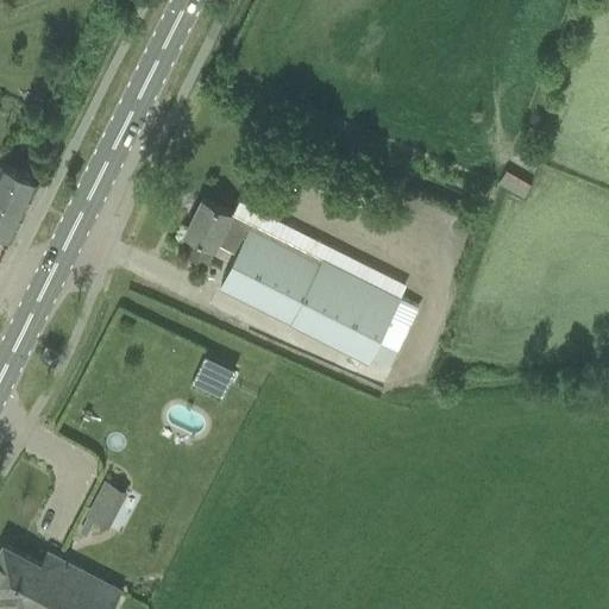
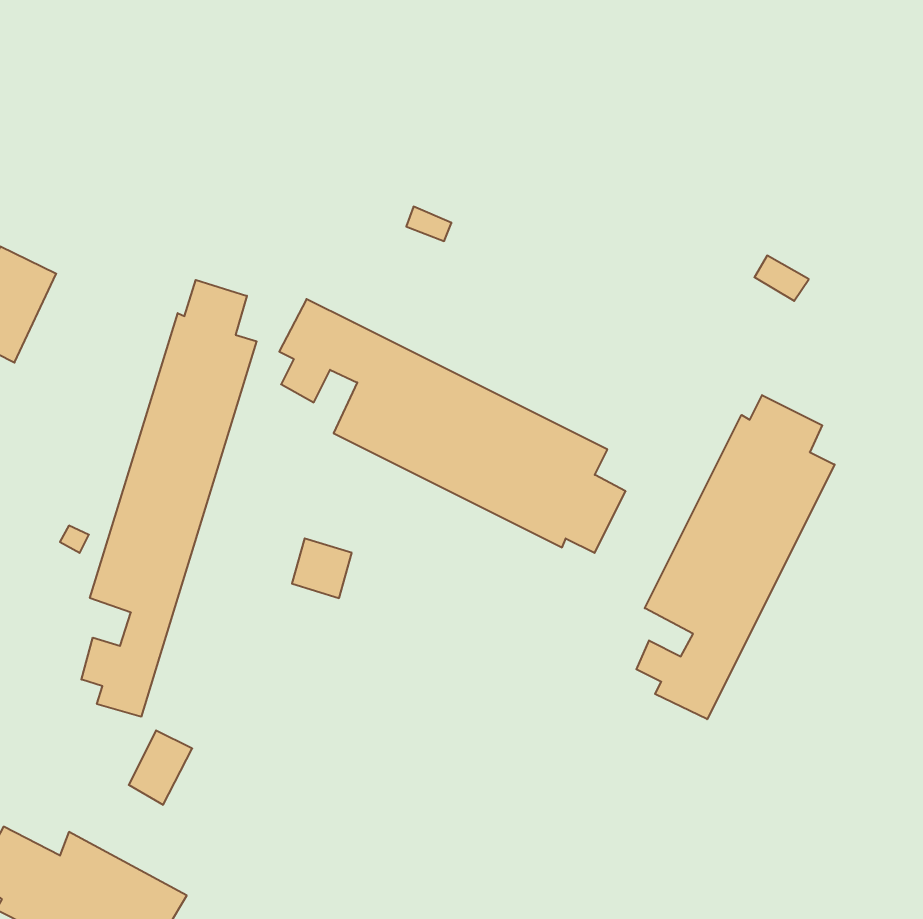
building: none -> [81,280,257,717]
building: none -> [636,395,835,719]

